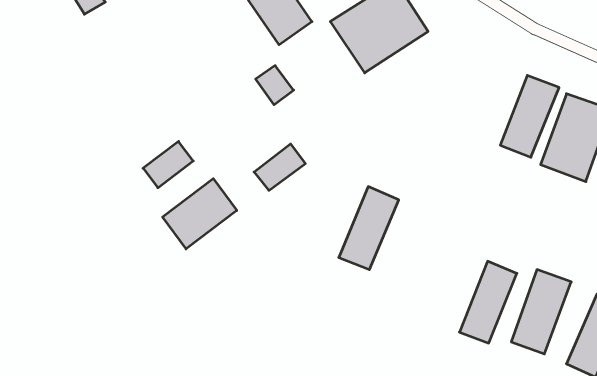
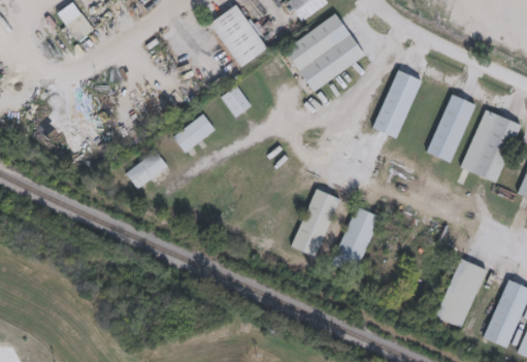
building: none -> [373,68,422,138]
building: [254,144,305,190] -> [173,112,217,152]
building: [163,179,237,249] -> none
building: [459,261,517,343] -> [332,205,381,274]

